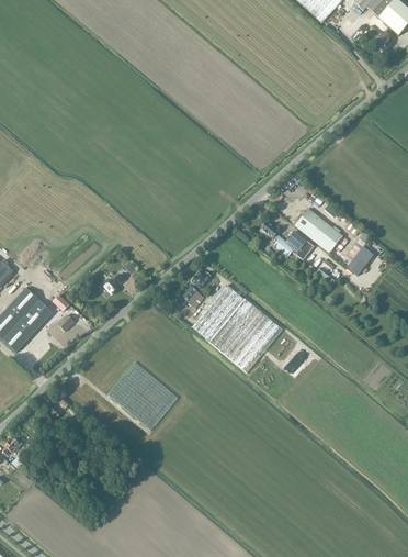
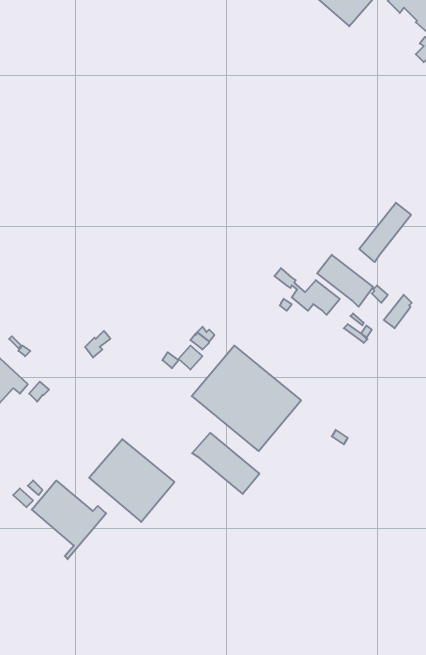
building: none -> [359,203,411,262]
building: none -> [192,433,259,494]
building: none -> [32,481,106,559]

